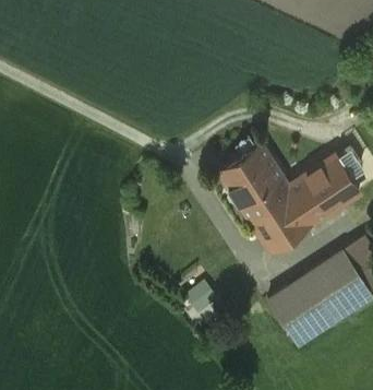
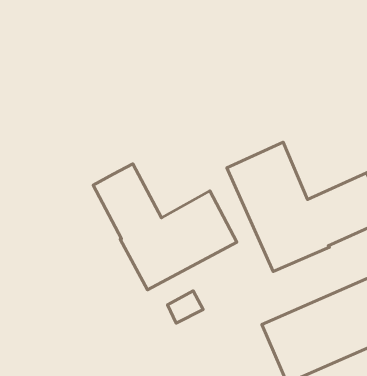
building: none -> [93,164,237,290]

